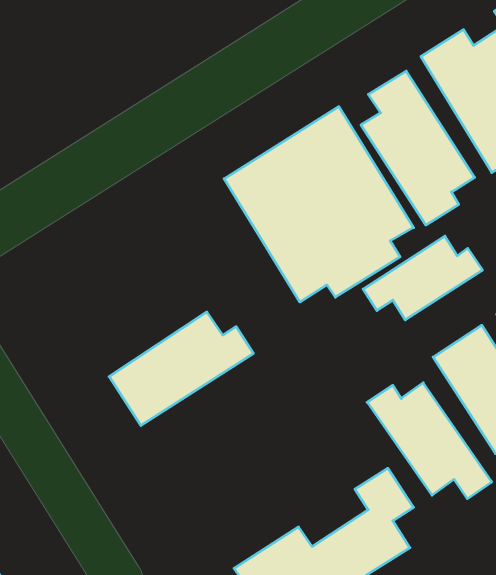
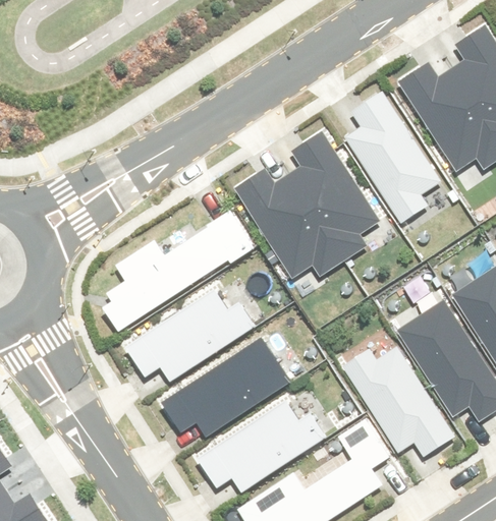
building: none -> [106,218,254,327]
building: [363,236,482,320] -> none
building: none -> [162,338,290,437]
building: none -> [200,404,321,489]

